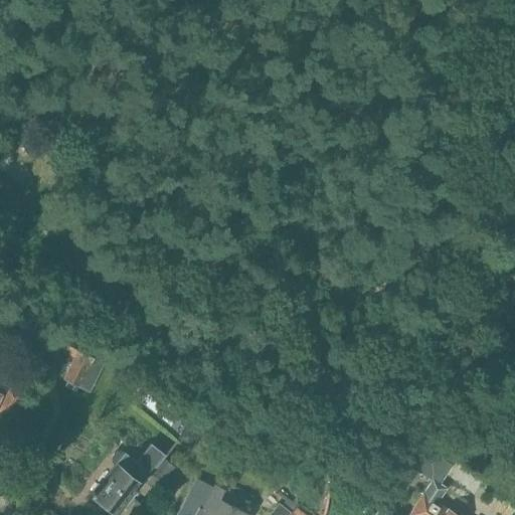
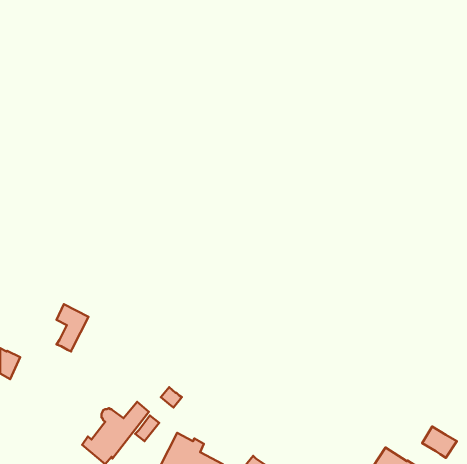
building: [413,452,452,486] -> [422,427,457,458]

